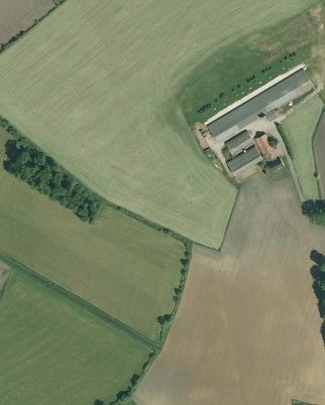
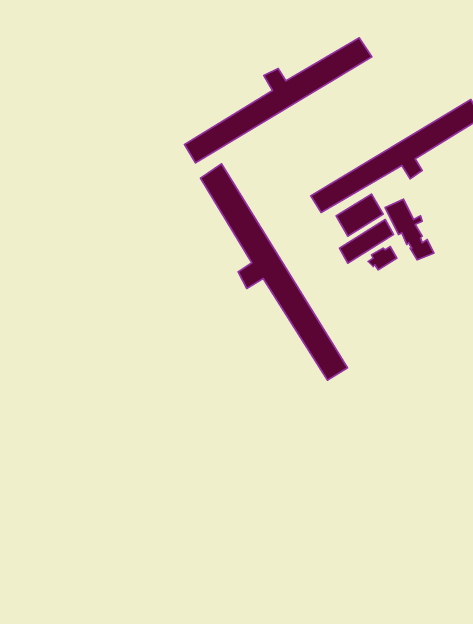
building: none -> [185,38,372,163]
building: none -> [201,164,348,380]

